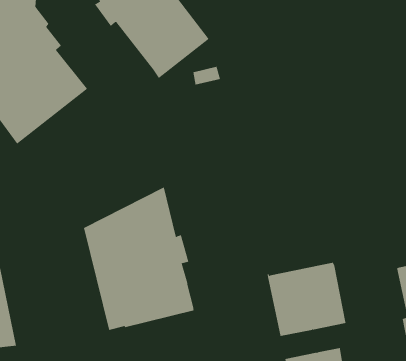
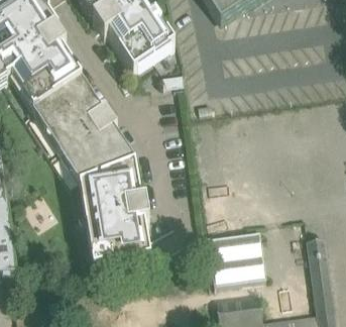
building: none -> [26,78,136,184]

